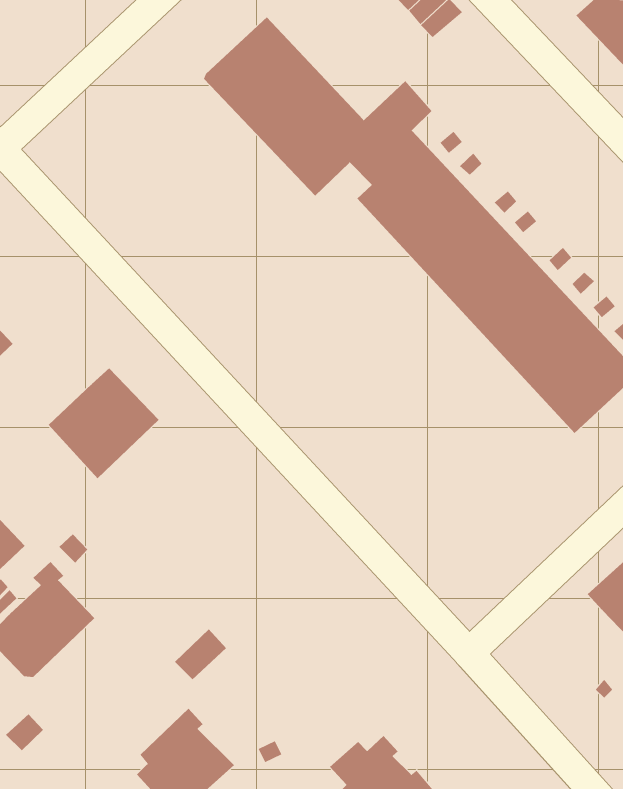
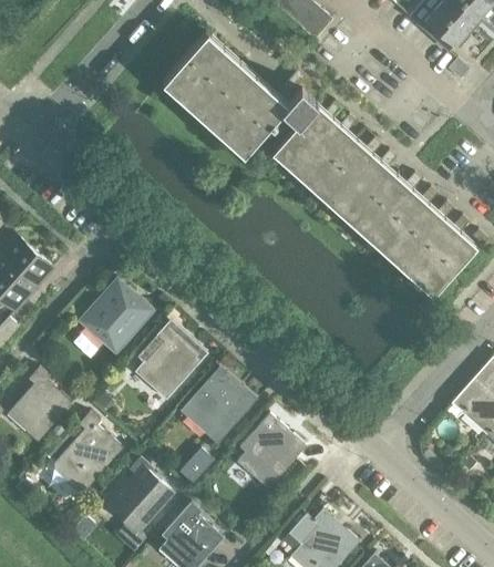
building: none -> [135,322,205,399]
building: none -> [181,368,257,444]
building: none -> [238,413,307,487]
building: none -> [109,455,175,530]

